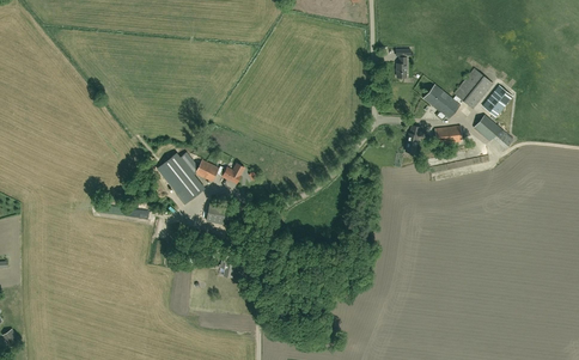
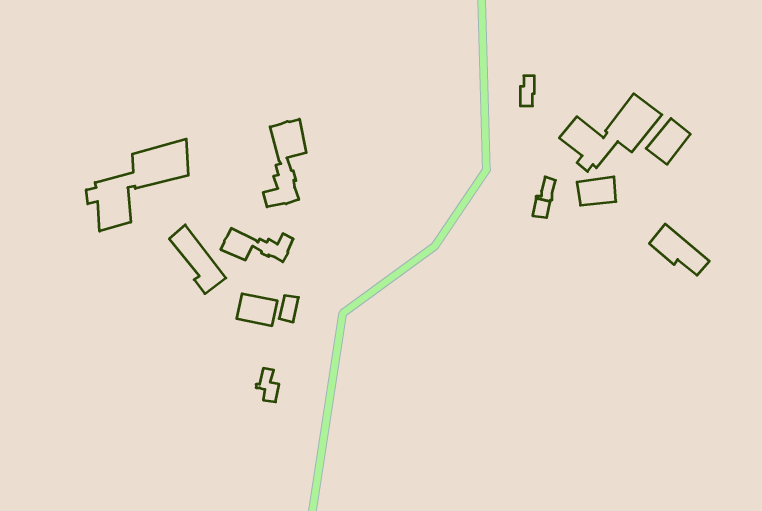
building: none -> [263,119,306,207]
building: none -> [86,139,188,231]
building: [474,114,514,148] -> [649,224,709,275]

